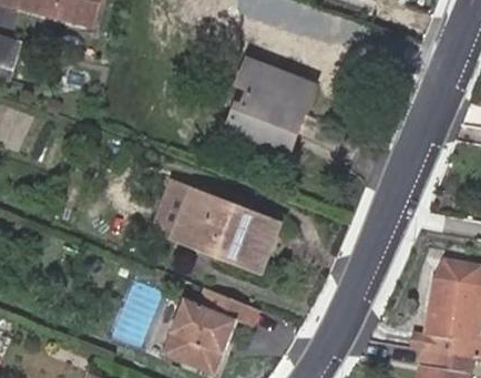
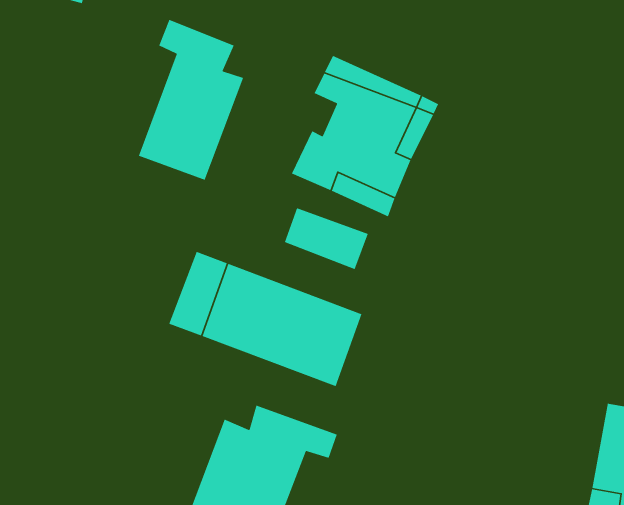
building: none -> [138,19,244,181]
building: none -> [284,207,369,270]

